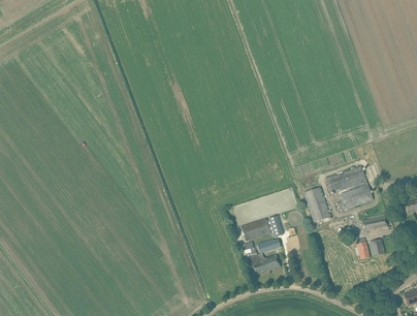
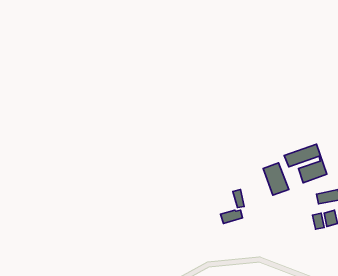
building: [243,218,272,241] -> none
building: [250,253,282,275] -> none

